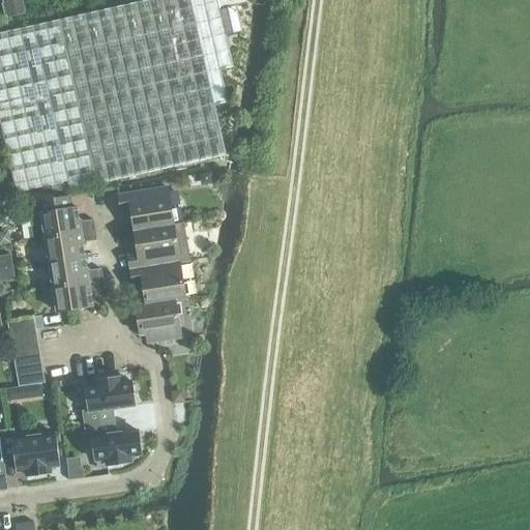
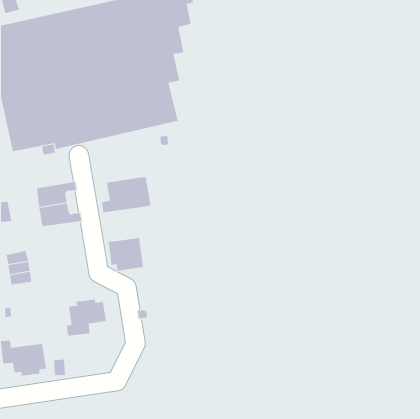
building: [118,186,174,230] -> none
building: [30,195,95,240] -> none
building: [129,261,185,303] -> none
building: [53,278,105,311] -> none
building: [13,355,46,386] -> none
building: [85,420,141,464] -> none

